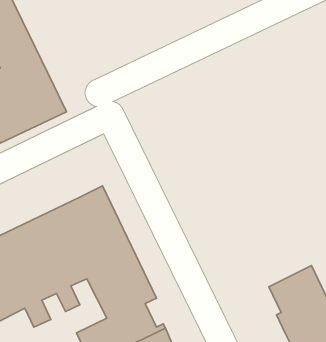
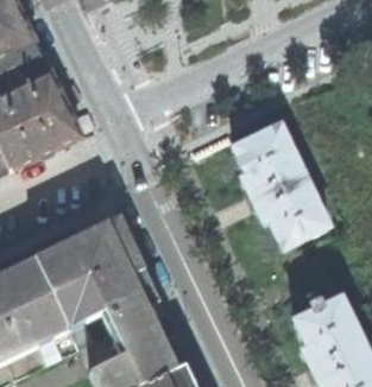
building: none -> [233,125,328,248]

